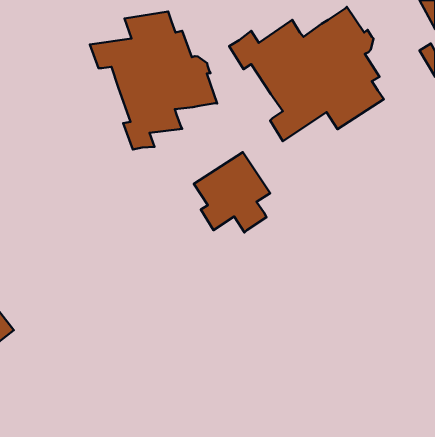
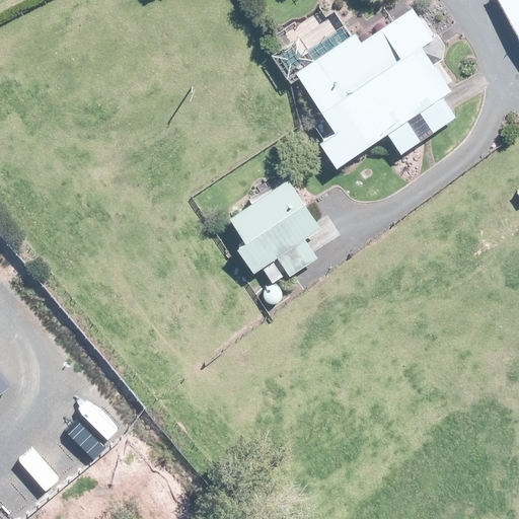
building: [90,11,217,149] -> none

